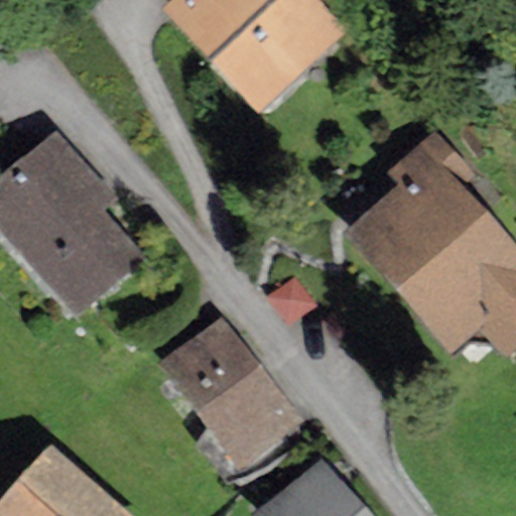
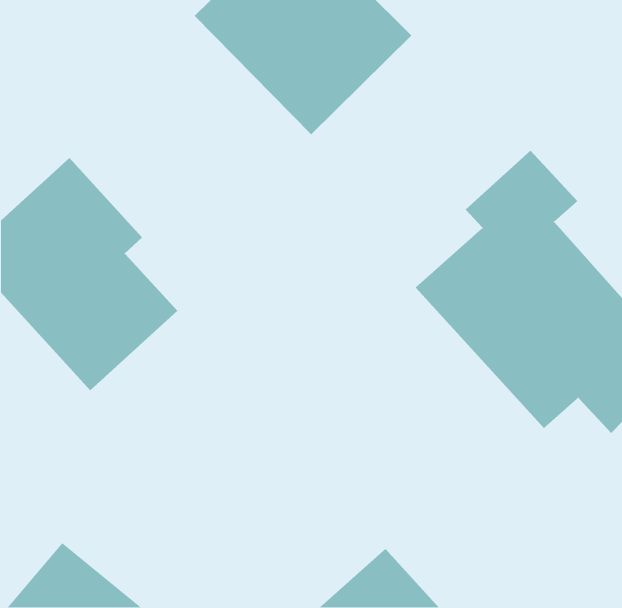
building: [155,314,304,471] -> none

